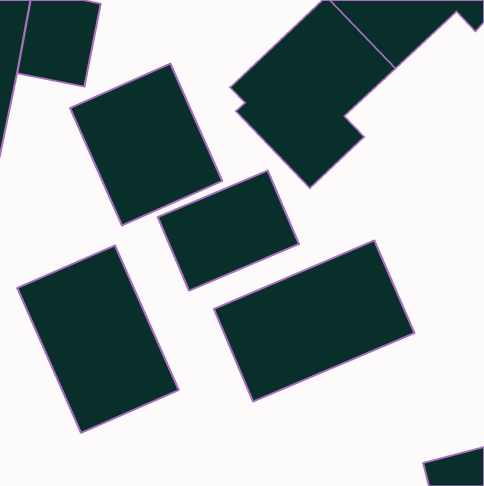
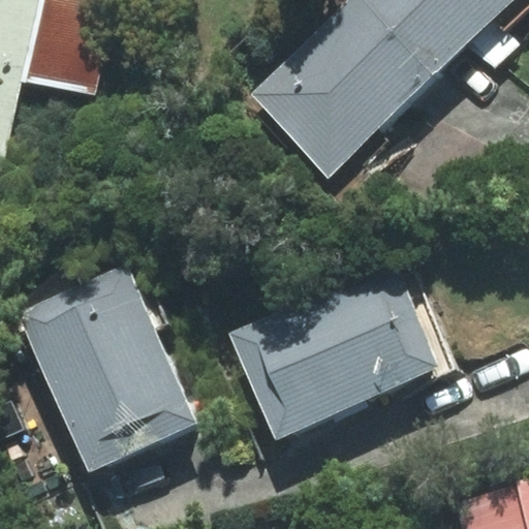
building: [70,63,222,226] -> none
building: [158,170,299,291] -> none

